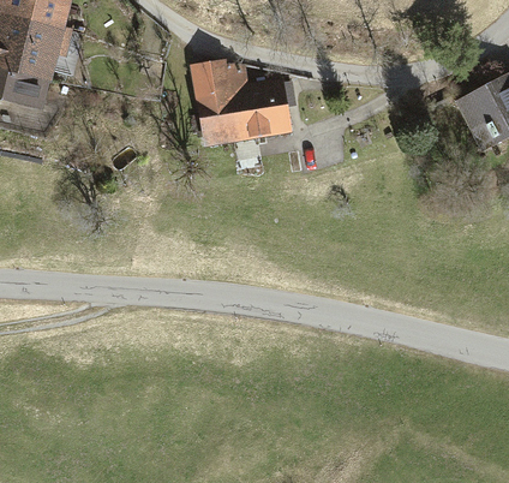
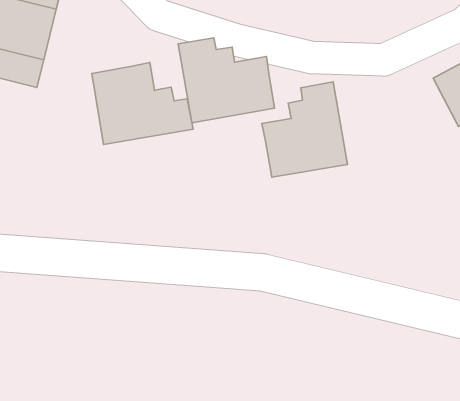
building: none -> [92,63,193,145]
building: none -> [262,82,348,177]

